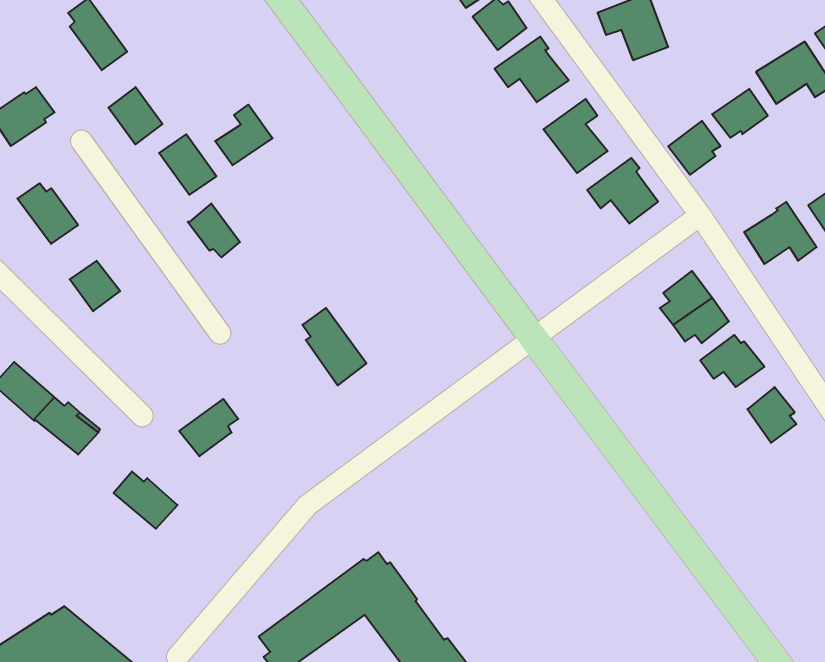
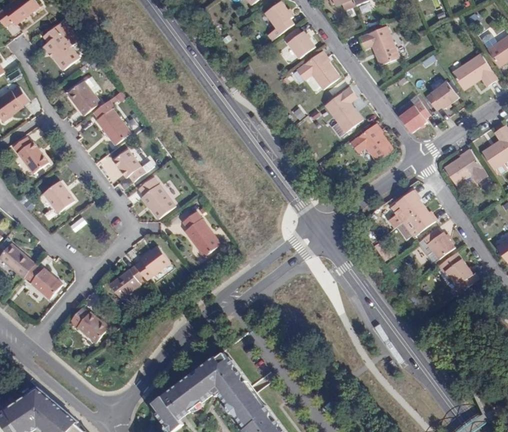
building: [215,105,273,165] -> none
building: none -> [138,176,174,217]
building: none -> [134,246,169,280]

